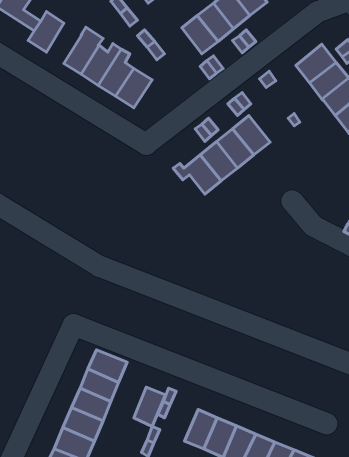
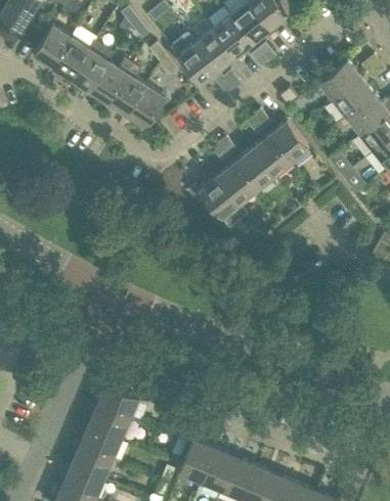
building: none -> [170,33,219,85]
building: none -> [53,38,91,81]
building: none -> [269,123,309,165]
building: [134,387,165,427] -> [181,441,215,483]

